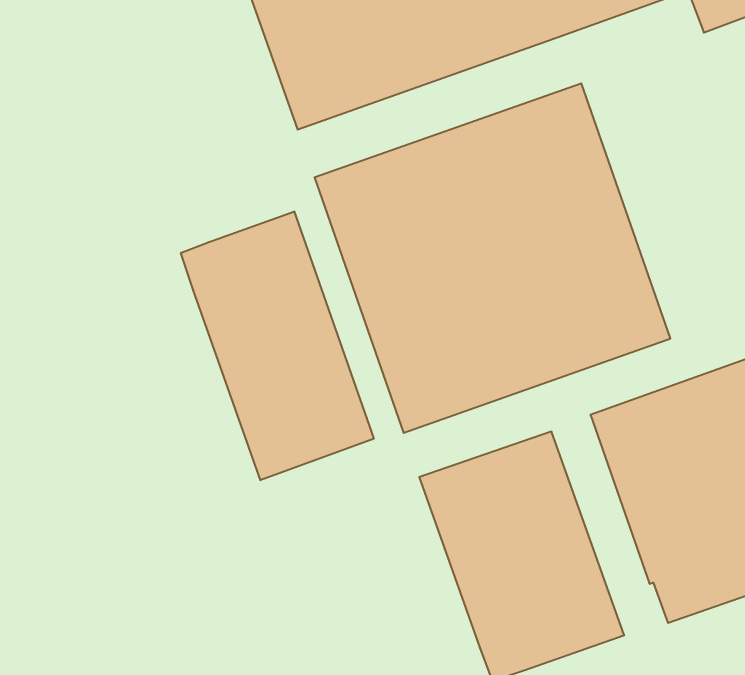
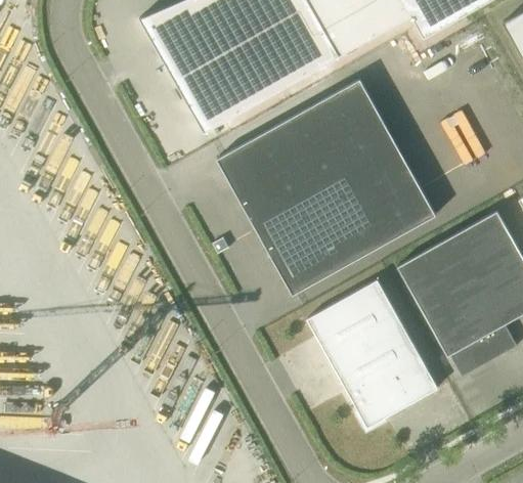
building: [181,211,374,480] -> none

